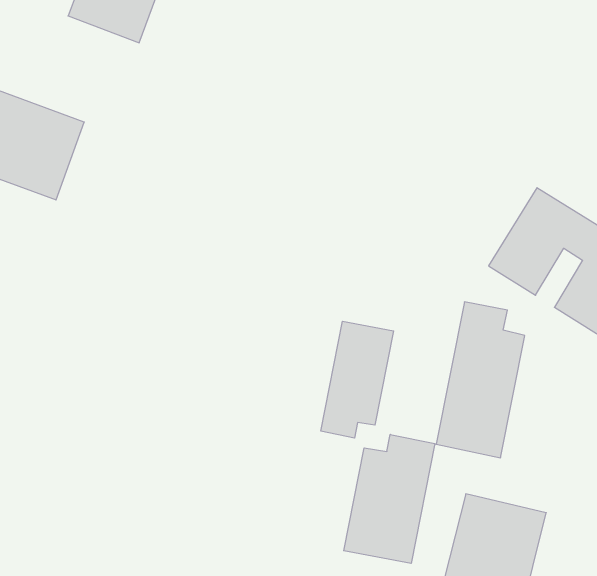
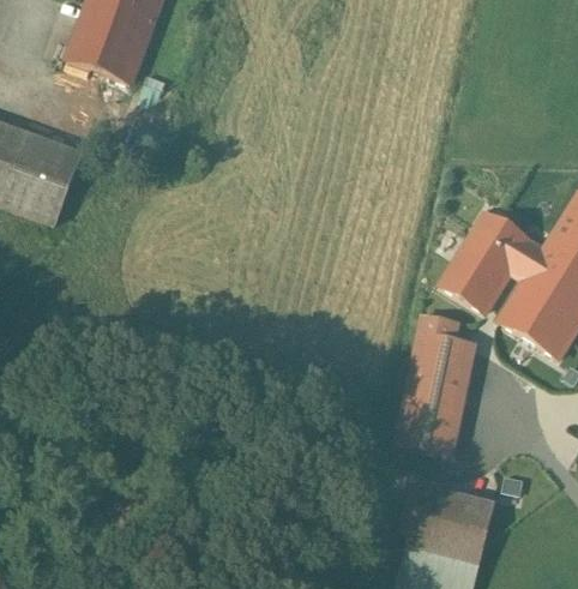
building: [321,321,394,438] -> none
building: [344,434,435,563] -> none

